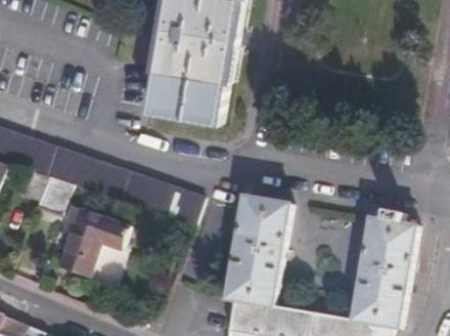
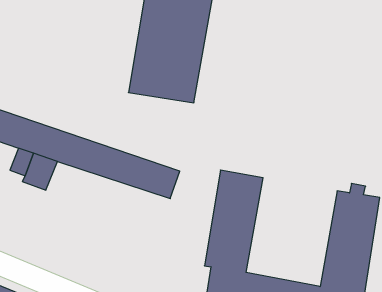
building: [58,205,129,277] -> none

